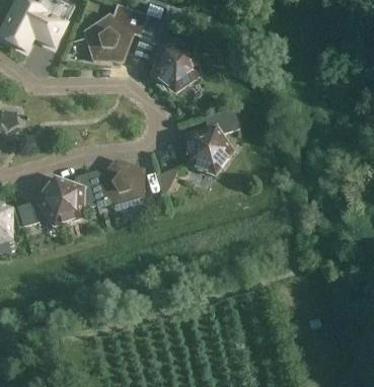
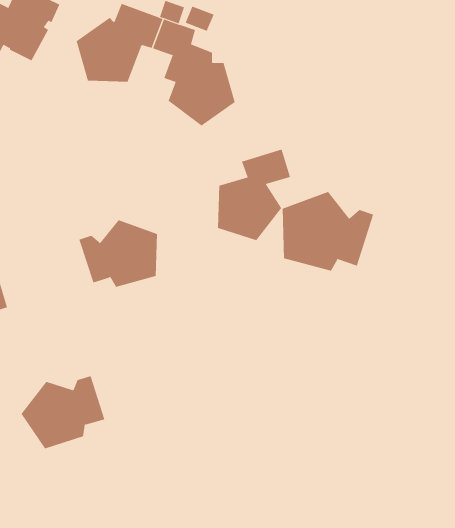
building: none -> [282,191,374,272]
building: [36,173,97,226] -> [20,376,105,449]

